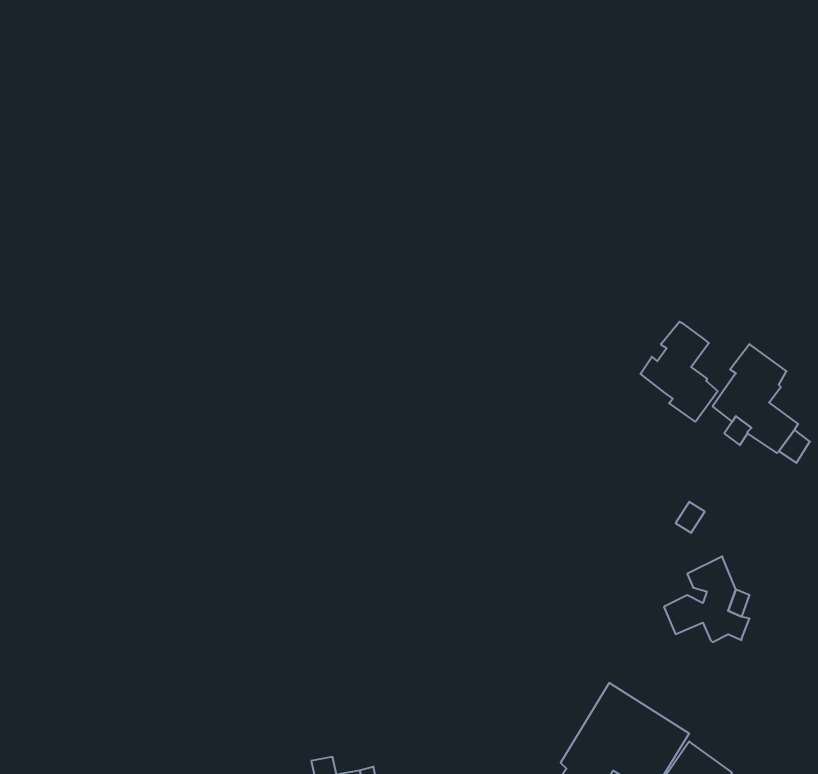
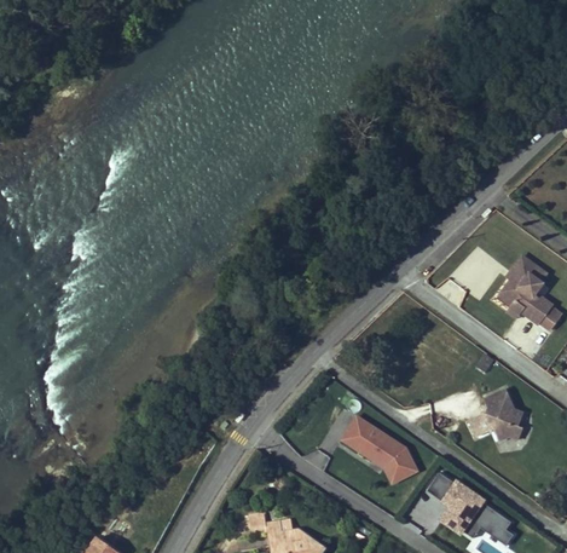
building: [640,322,718,422] -> none
building: none -> [339,393,418,484]

